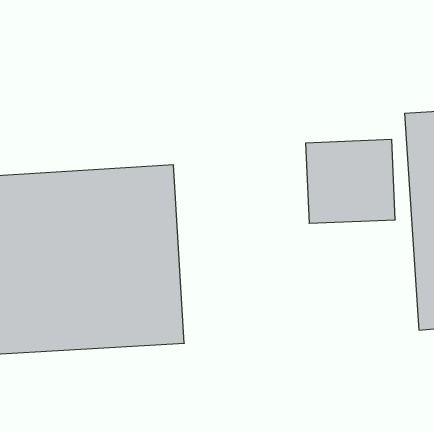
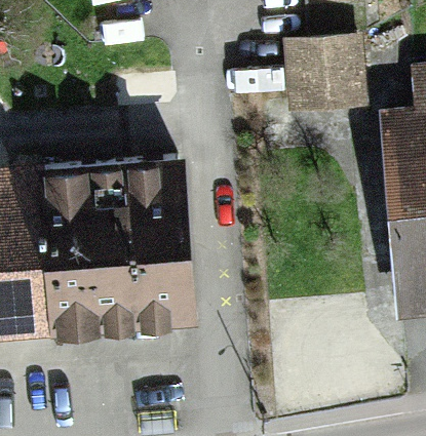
building: [306,139,395,223] -> [281,44,358,116]

